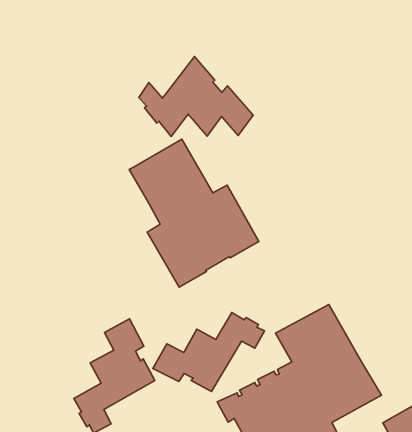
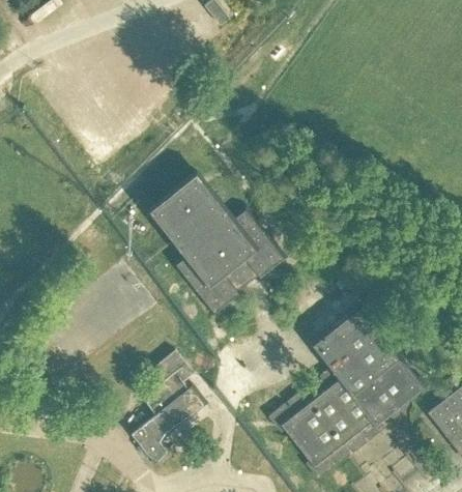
building: [139,56,253,136] -> none
building: [153,313,265,392] -> none

